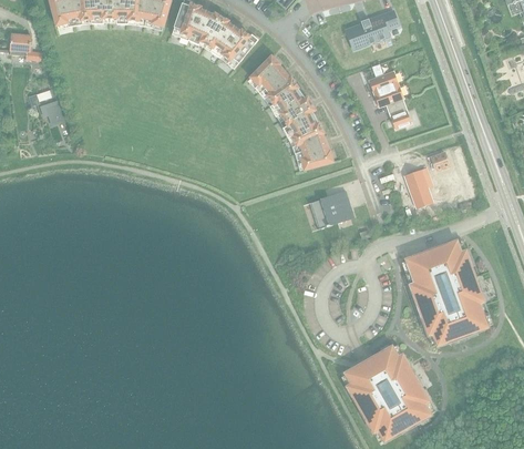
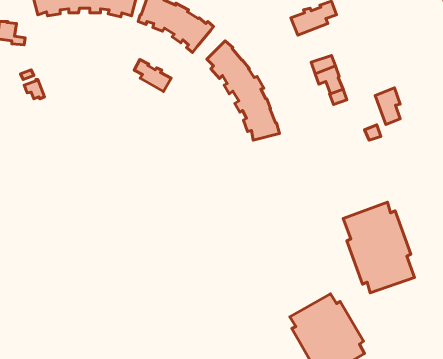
building: none -> [134,59,171,92]
building: [403,165,432,207] -> [375,88,400,124]
building: [308,192,353,227] -> none

